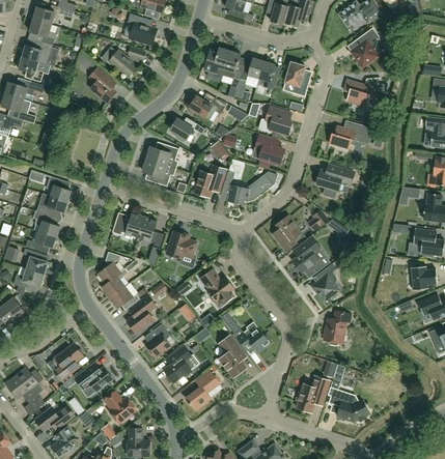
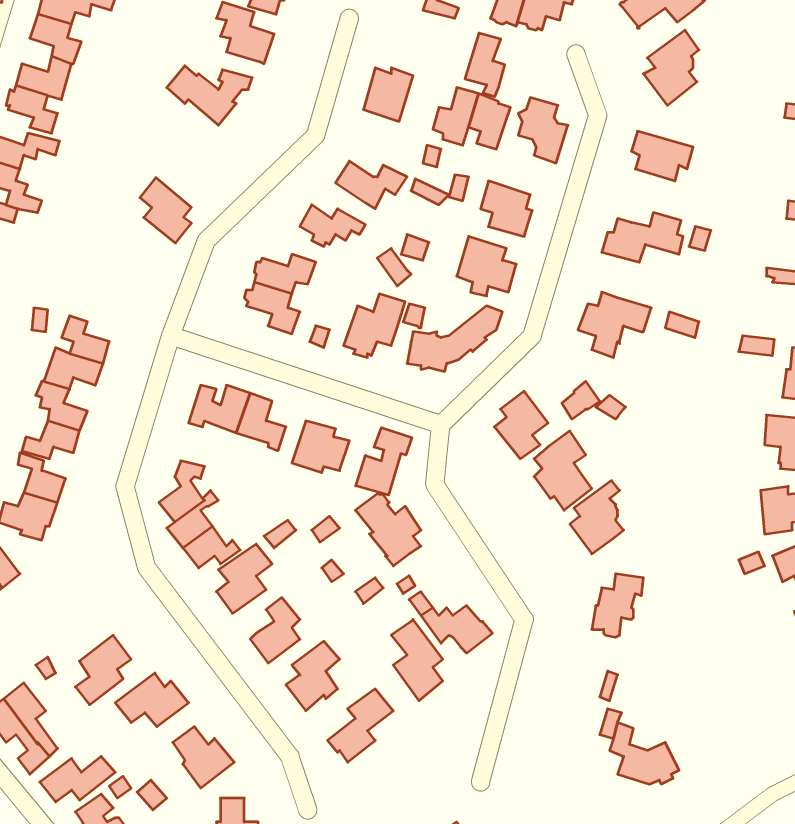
building: [222,51,243,84] -> [465,33,505,97]
building: [88,67,115,102] -> [140,178,191,243]
building: none -> [356,428,412,495]
building: [295,376,329,411] -> none

